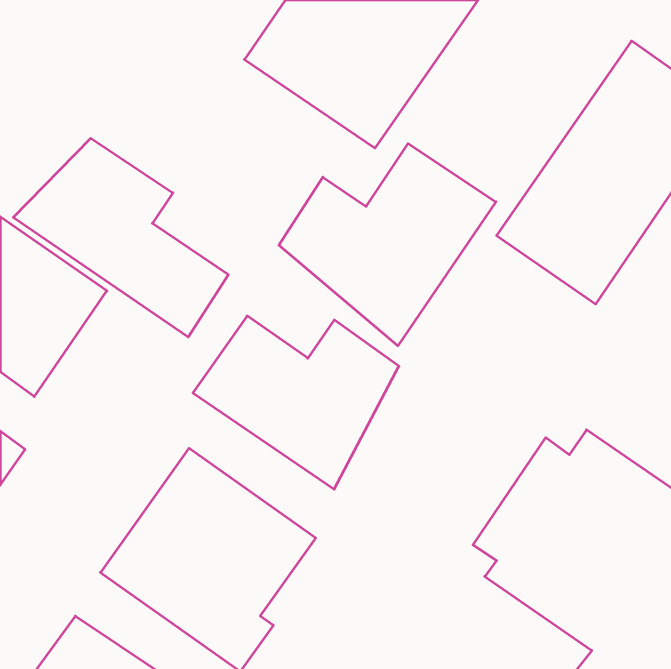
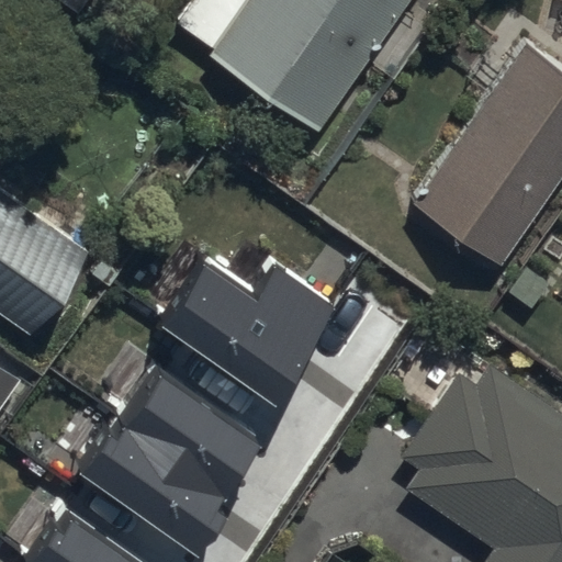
building: [13,138,228,337] -> none
building: [279,144,496,346] -> none

